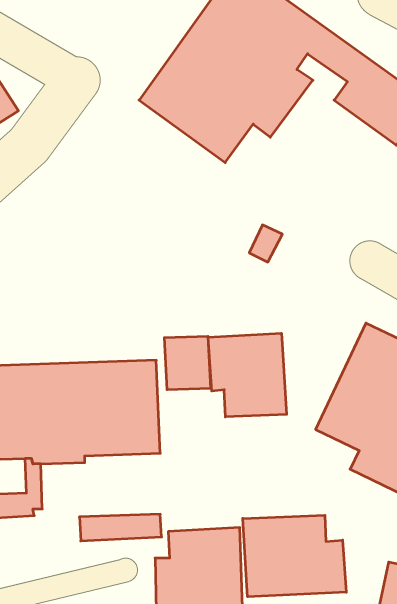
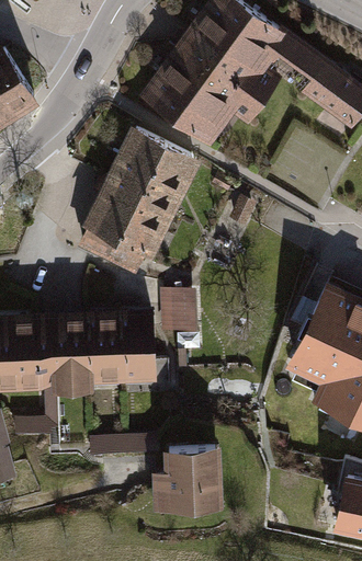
building: none -> [76,125,203,275]
building: [208,333,287,417] -> none
building: [243,515,346,597] -> none

